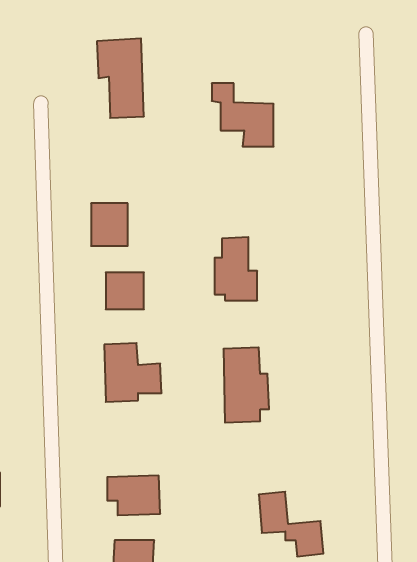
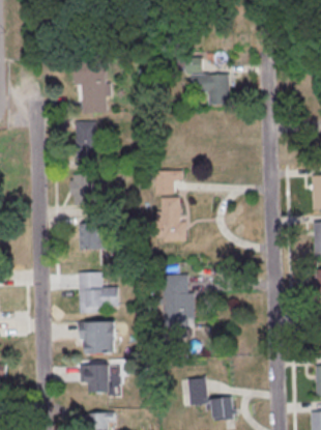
building: [212,83,274,147] -> [184,58,228,103]
building: none -> [75,120,97,161]
building: none -> [154,170,182,194]
building: none -> [87,322,116,354]

